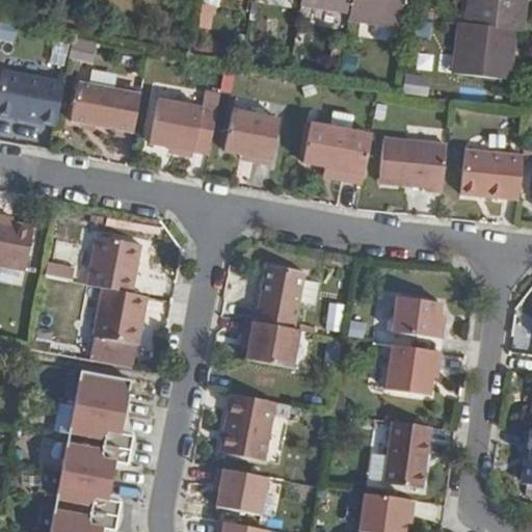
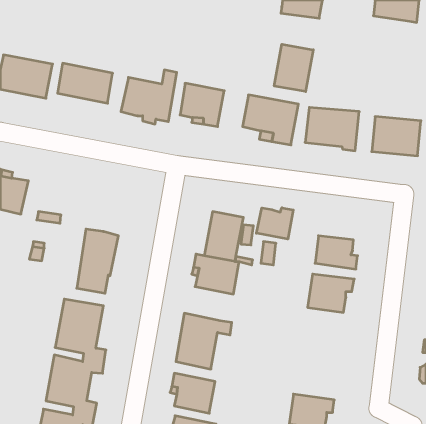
building: [453,22,513,79] -> none
building: none -> [274,44,313,92]
building: [89,236,138,291] -> none
building: none -> [256,208,293,239]
building: [383,421,430,485] -> none

